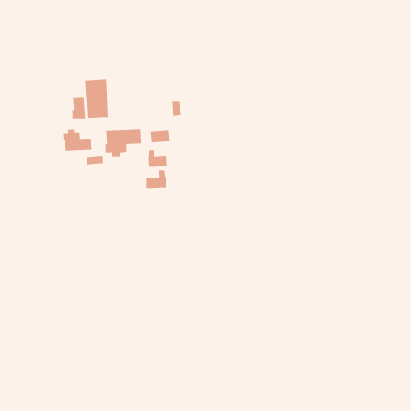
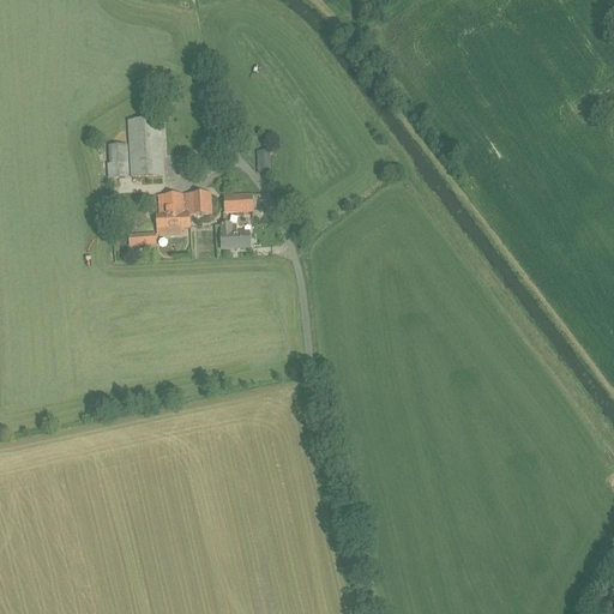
building: [63,129,92,152] -> none
building: [146,169,167,189] -> none

